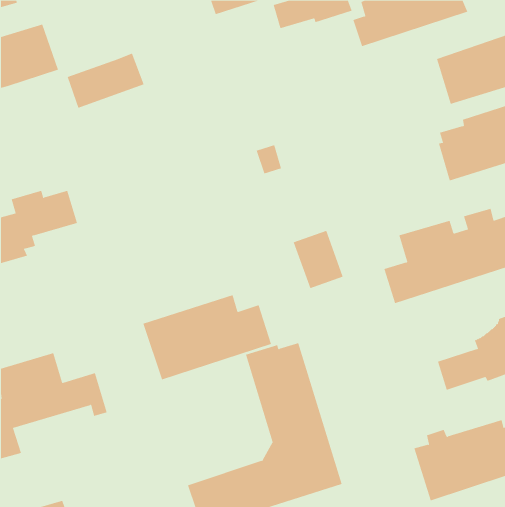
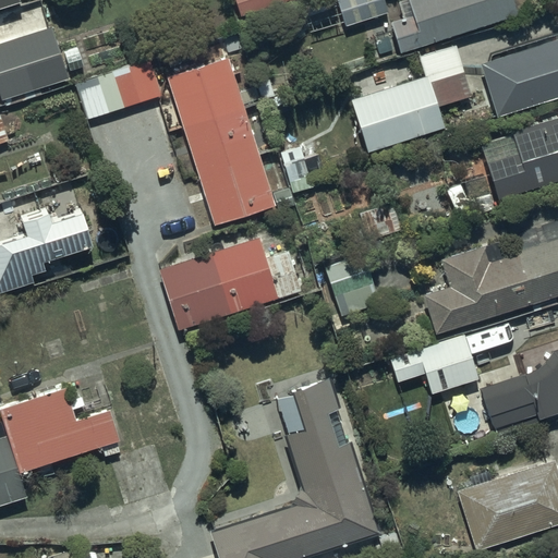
building: none -> [352,47,472,153]
building: none -> [167,57,277,225]
building: [142,294,272,380] -> [158,239,300,332]
building: none -> [390,336,478,395]

